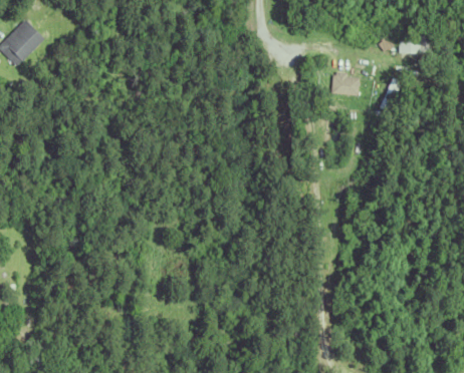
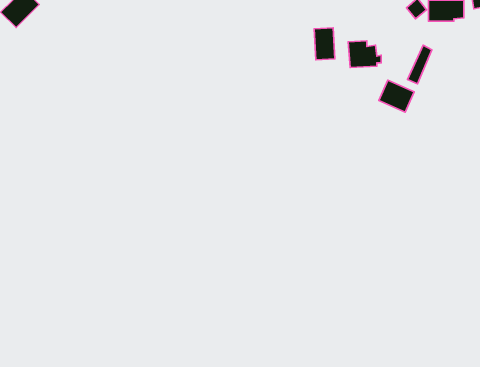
building: none -> [314,28,335,60]
building: none -> [379,80,414,112]

